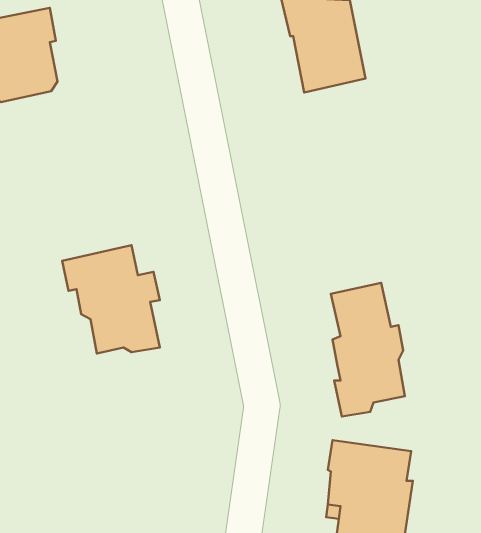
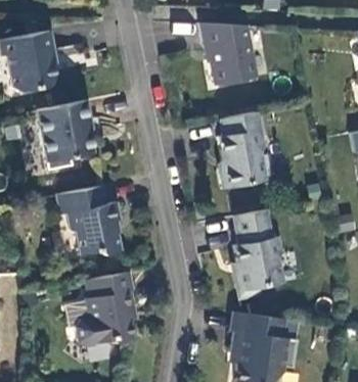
building: none -> [37,100,93,171]
building: none -> [219,111,266,189]
building: none -> [76,272,133,345]

